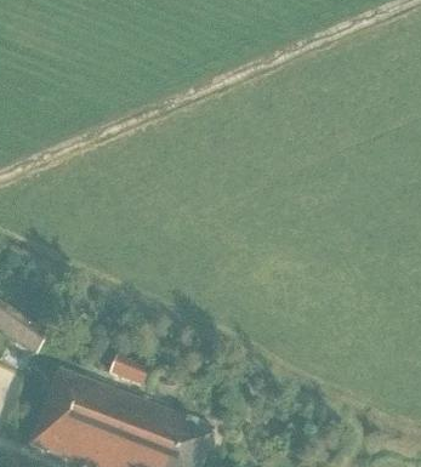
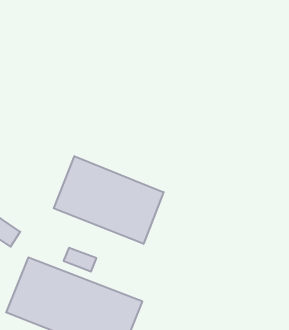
building: none -> [54,156,164,244]

